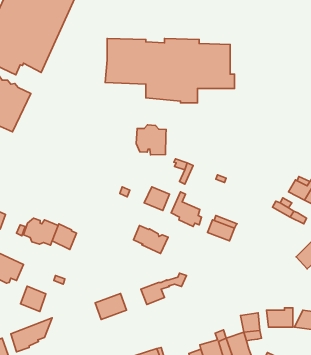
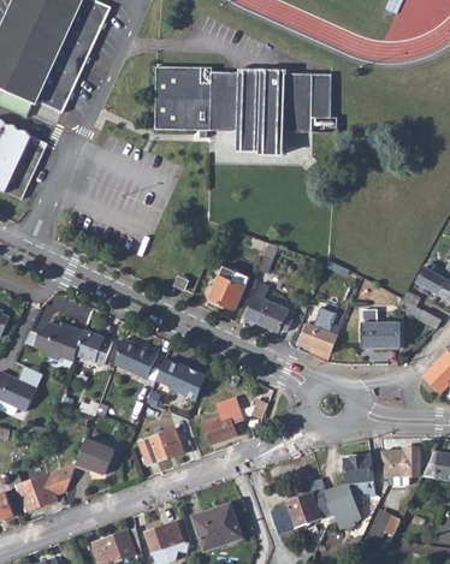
building: [136,125,166,155] -> none
building: none -> [360,308,397,346]
building: [134,225,168,253] -> [155,358,205,398]
building: none -> [112,336,155,376]
building: [20,286,46,312] -> [76,435,112,471]

